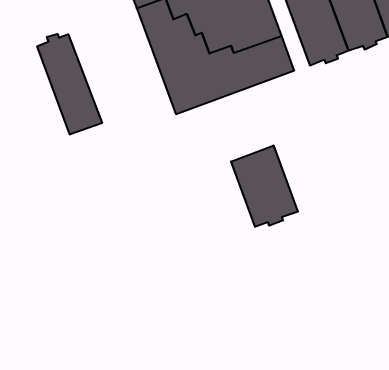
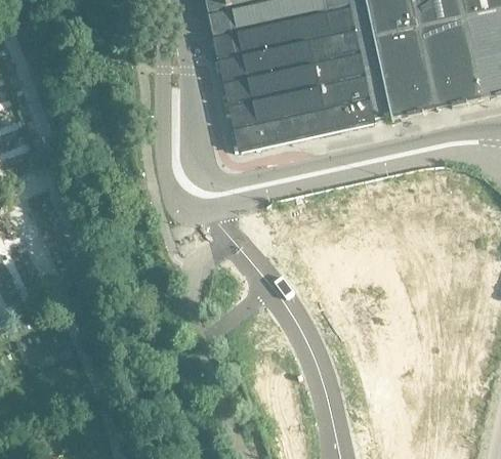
building: [37,34,102,135] -> none
building: [231,145,298,227] -> none

